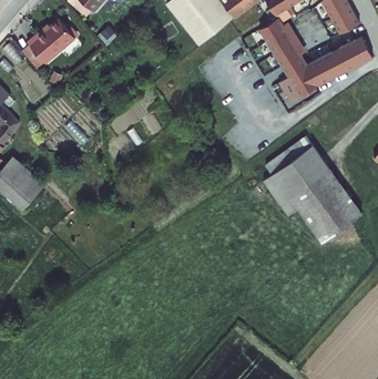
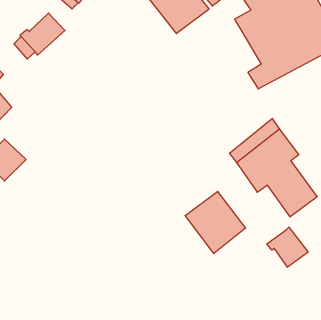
building: none -> [185,191,246,254]
building: none -> [267,227,308,267]

